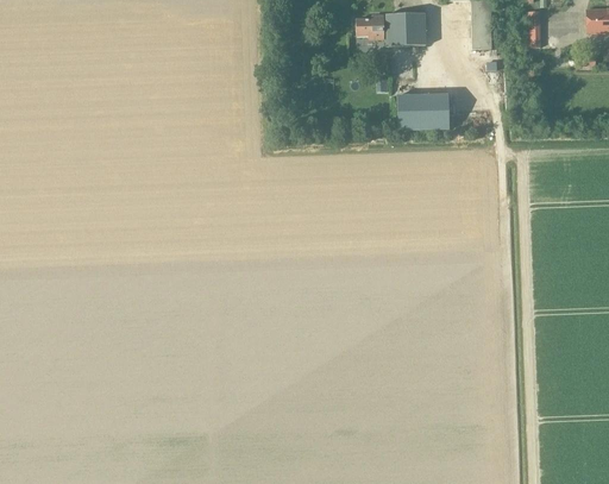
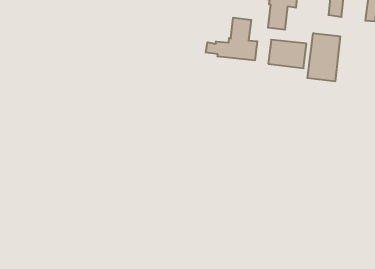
building: none -> [206,18,257,60]
building: none -> [307,33,340,81]

